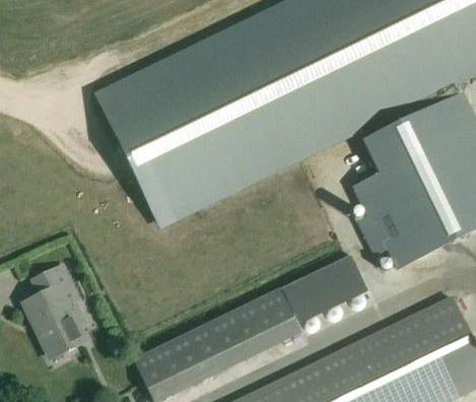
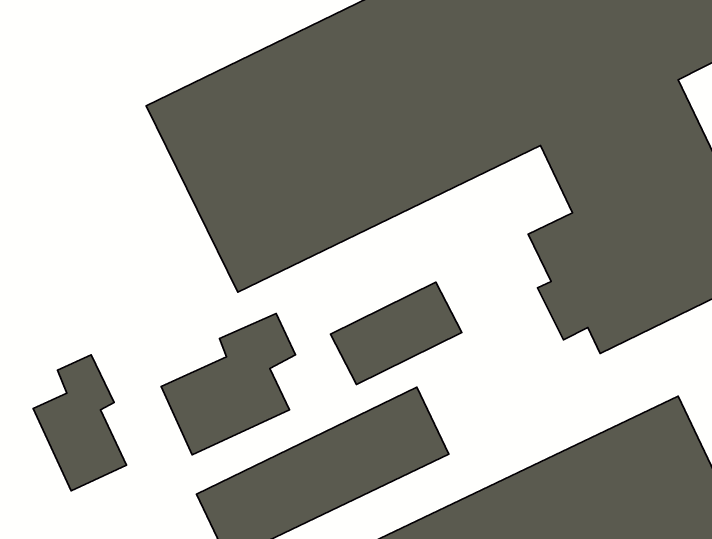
building: none -> [161,314,296,455]
building: [280,255,367,323] -> [331,282,462,385]

